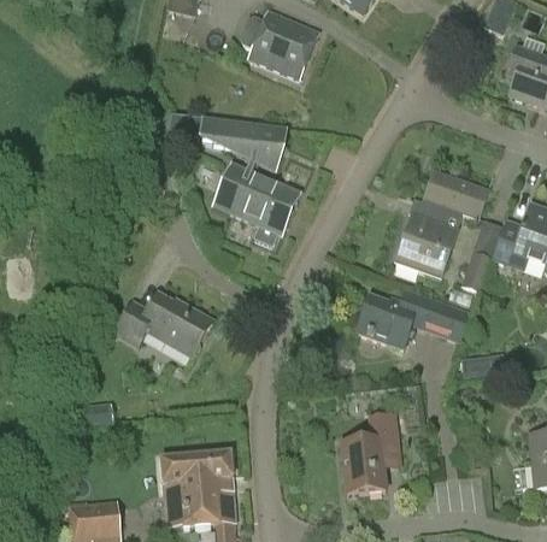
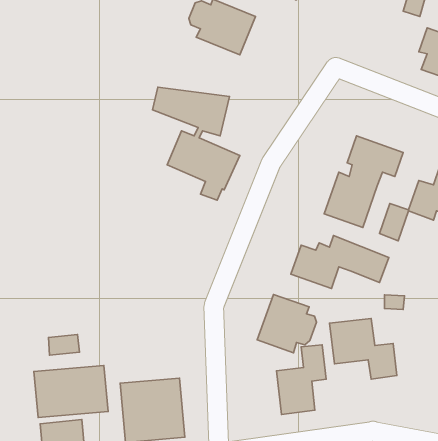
building: [114,294,210,355] -> none
building: none -> [257,294,317,353]
building: none -> [330,318,397,379]
building: none -> [34,365,108,417]

